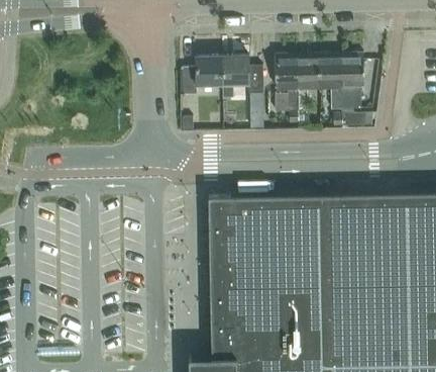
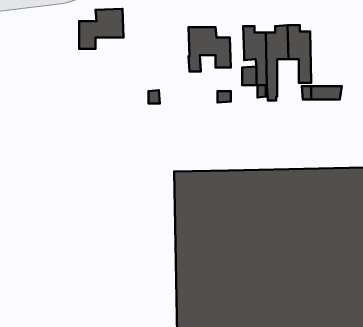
building: [342,55,365,111] -> none
building: [181,58,224,97] -> [79,9,123,49]

